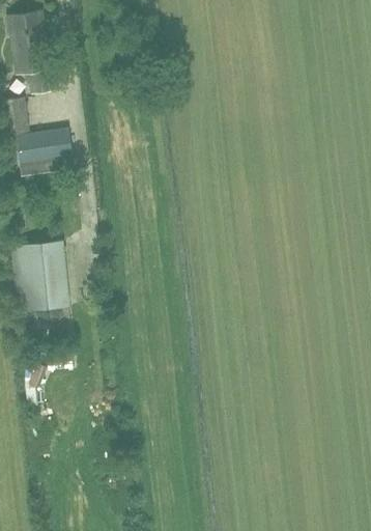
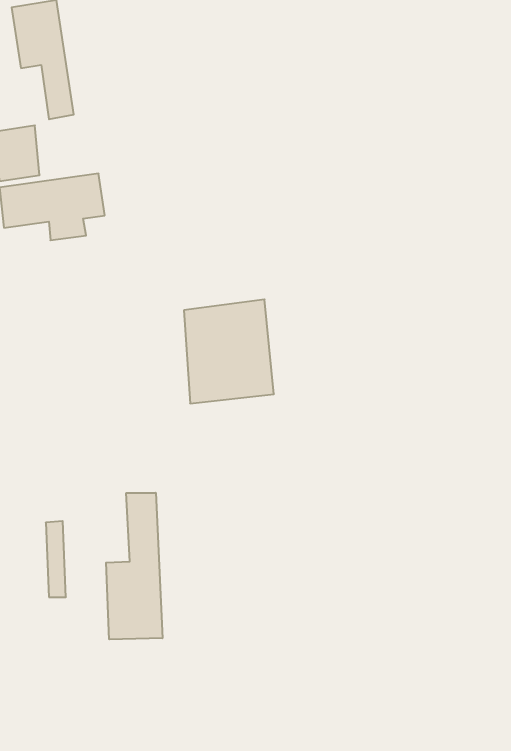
building: [8,241,68,310] -> [184,299,274,403]
building: none -> [106,493,162,639]

